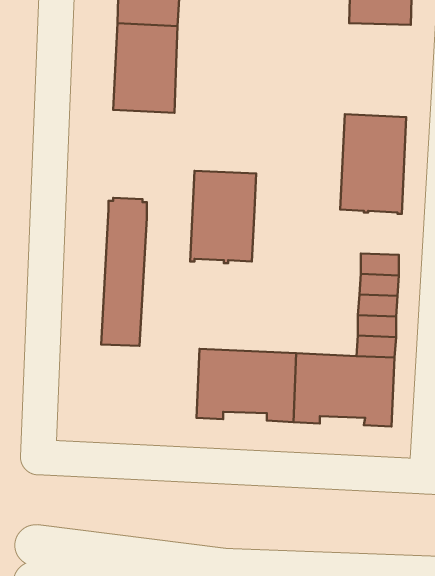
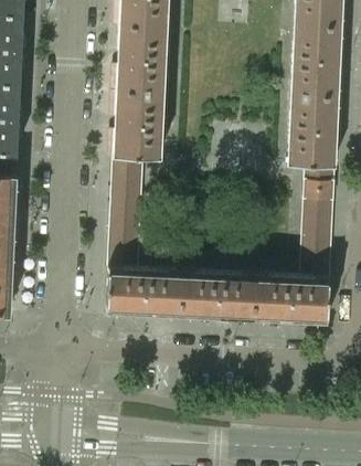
building: none -> [291,27,341,97]
building: [190,171,256,263] -> [114,92,163,161]
building: none -> [304,168,335,201]
building: none -> [106,268,182,324]

